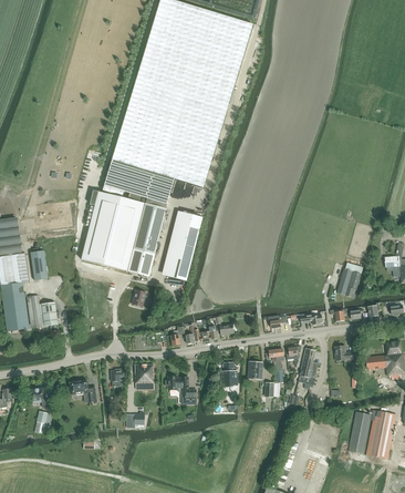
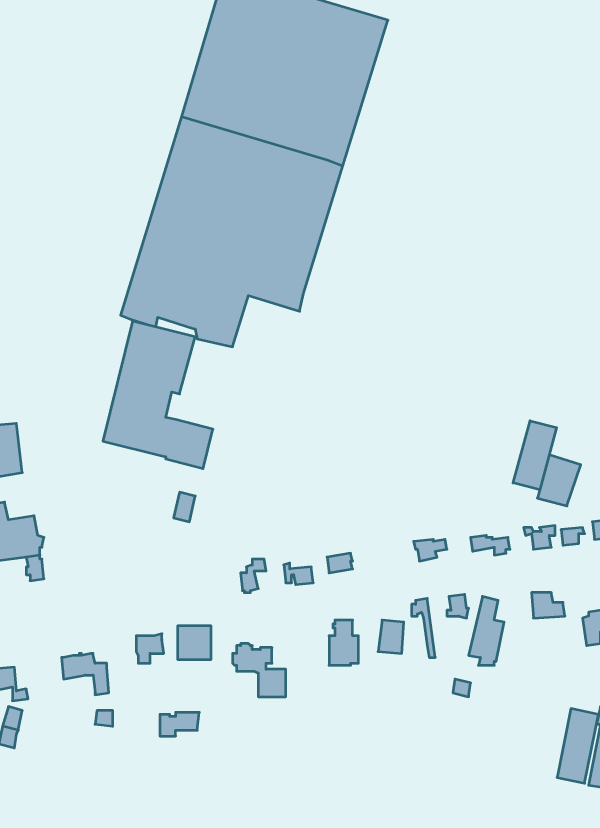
building: [127,202,166,254] -> none
building: [165,212,201,280] -> none
building: none -> [513,421,557,490]

